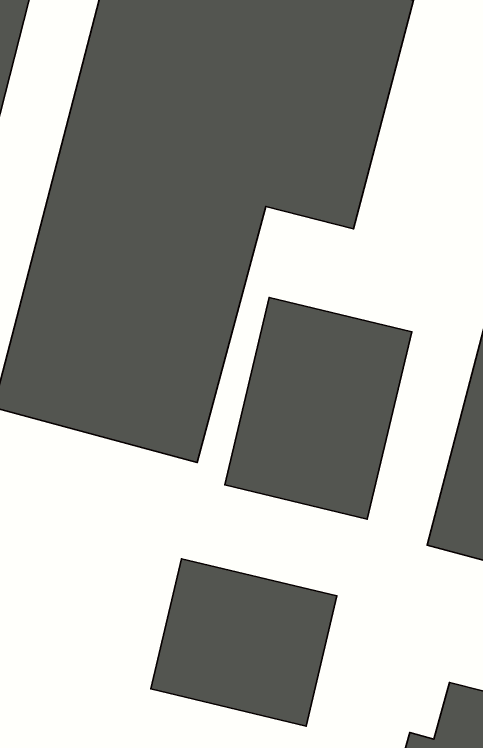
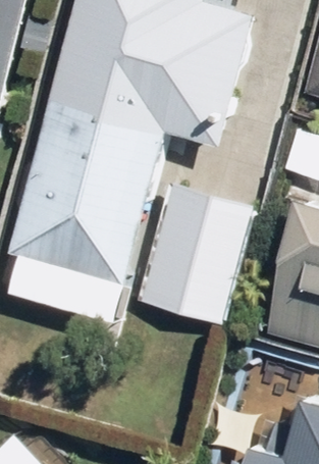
building: [151,559,337,726] -> none

